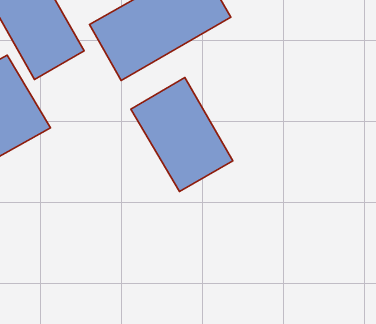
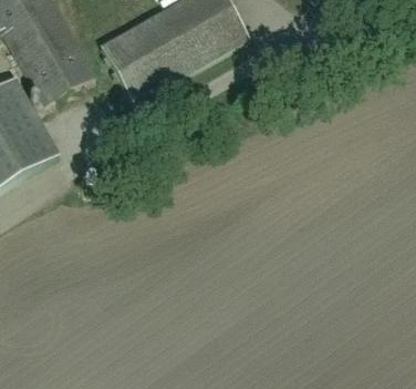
building: [131,77,233,192] -> none

